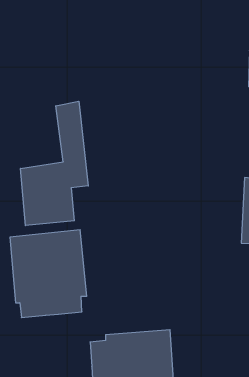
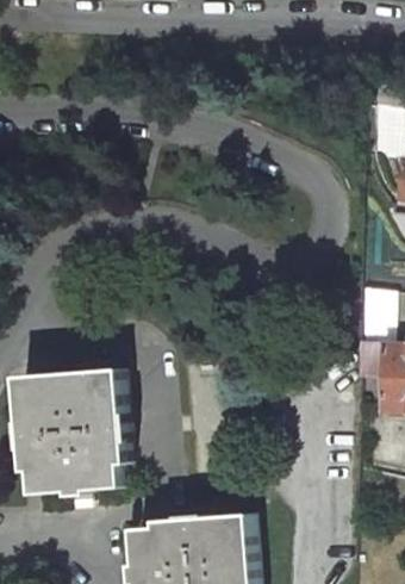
building: [21,101,88,226] -> none

